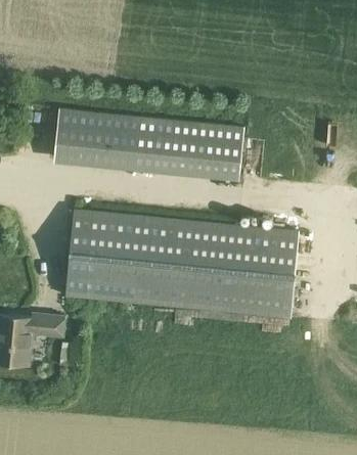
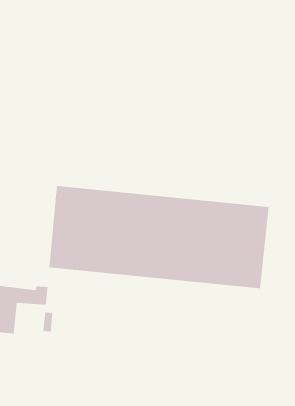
building: [53,109,243,177] -> none

